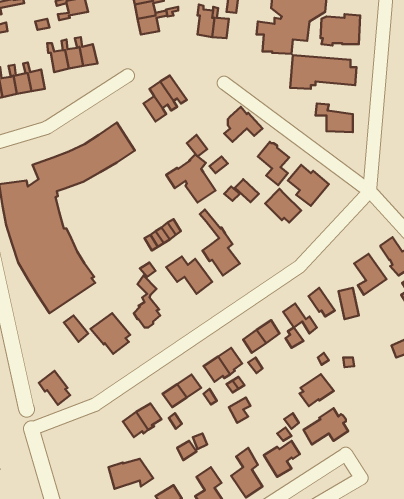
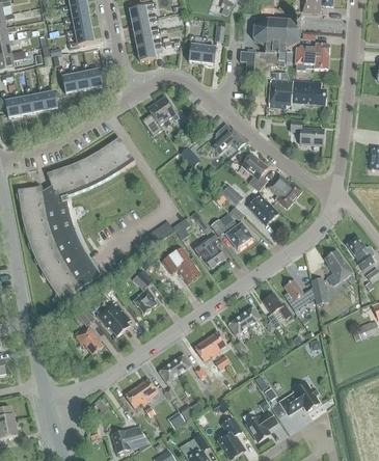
building: [166,154,216,203] -> [209,207,251,248]
building: [39,371,70,405] -> [75,325,102,354]
building: [300,374,334,406] -> none

